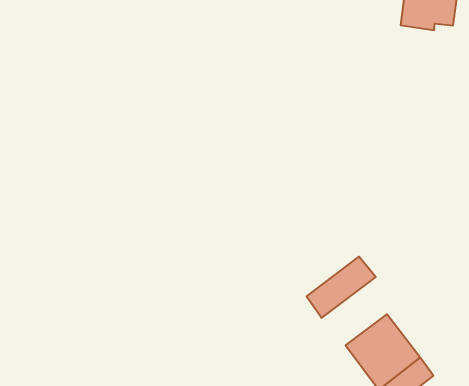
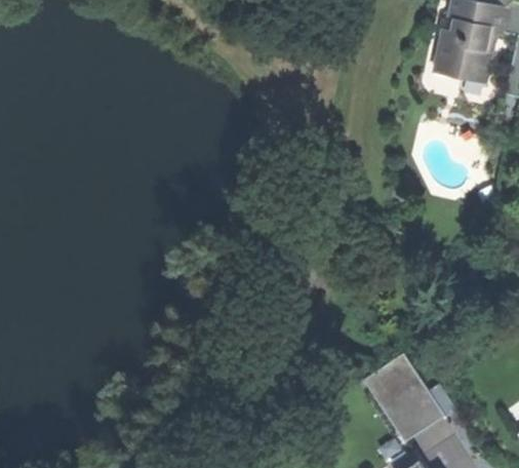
building: [307,257,376,318] -> none

